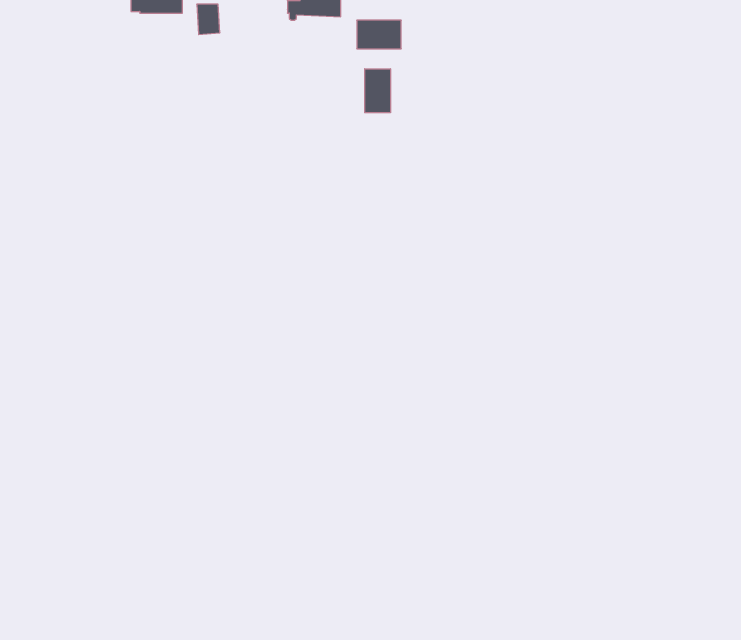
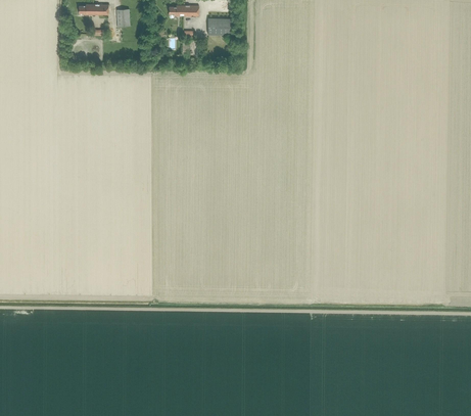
building: [365,69,390,113] -> none

